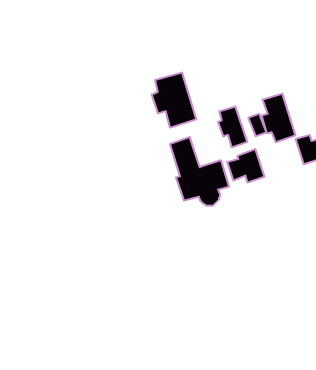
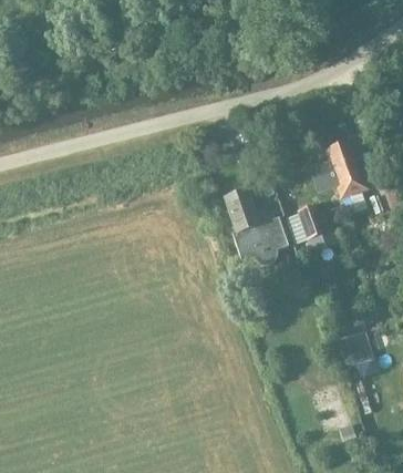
building: [152,72,196,128] -> none
building: [218,106,247,147] -> none

